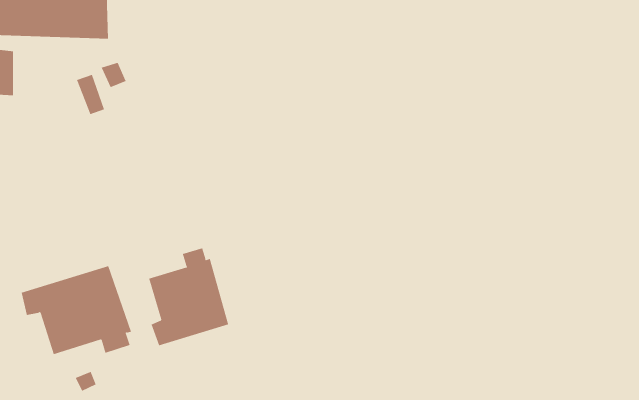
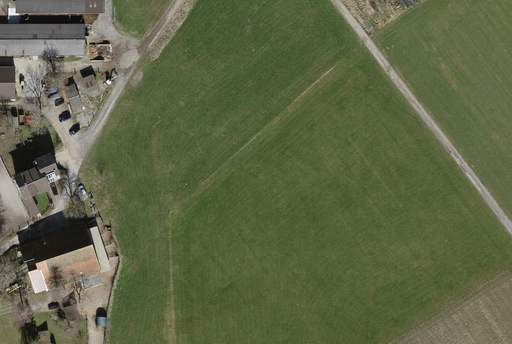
building: none -> [16,153,59,200]
building: [148,247,229,346] -> none

